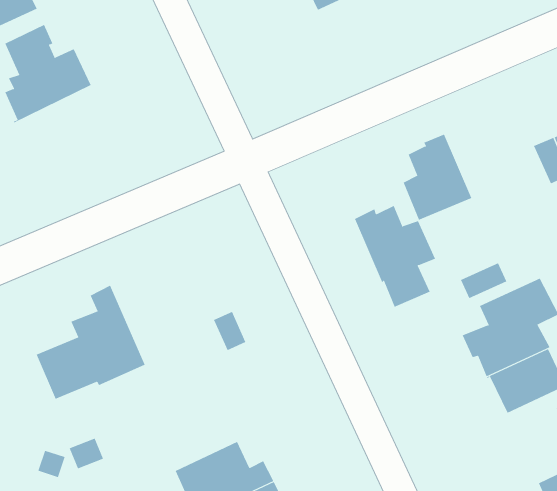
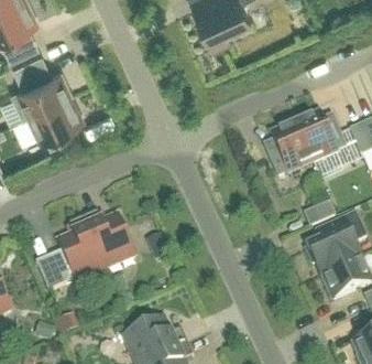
building: none -> [21,86,81,136]
building: [354,205,436,308] -> [294,108,346,173]
building: none -> [83,207,134,264]

